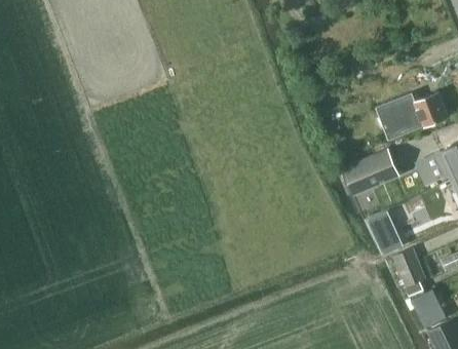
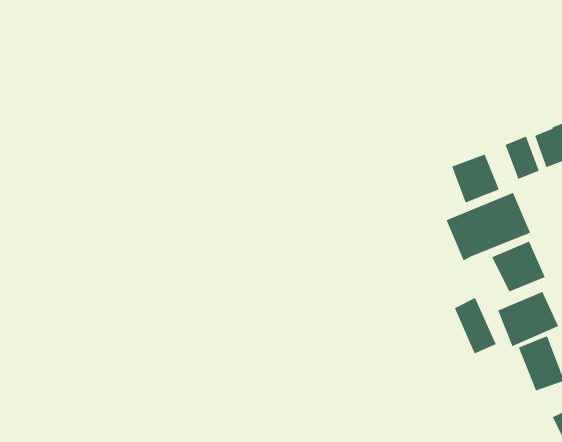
building: none -> [451,153,500,203]
building: none -> [454,297,497,355]

